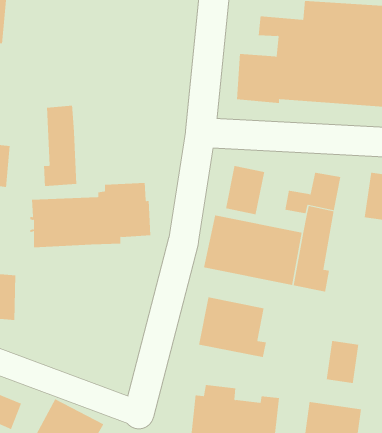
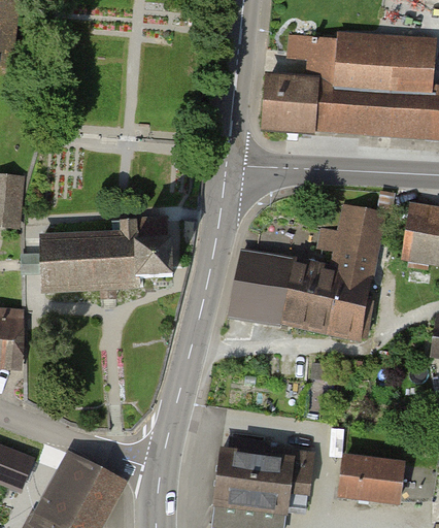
building: [44,105,77,187] -> none
building: [225,165,265,215] -> none
building: [199,296,267,358] -> none
building: [326,340,359,384] -> none

